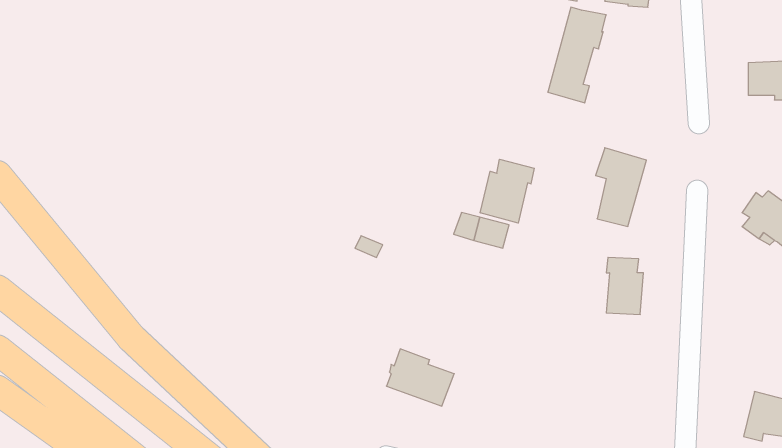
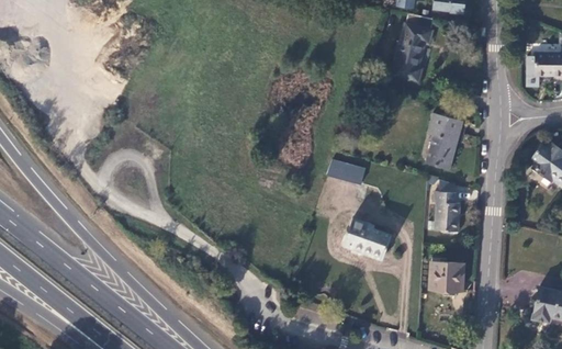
building: [480,159,534,223] -> none
building: [386,349,454,406] -> [344,218,392,259]
building: none -> [430,261,463,291]

